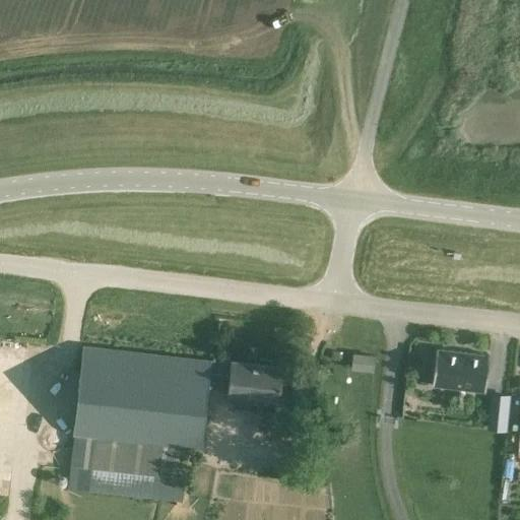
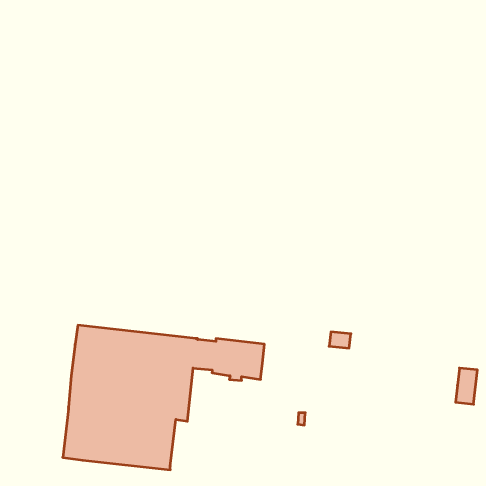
building: [434,348,490,392] -> none

